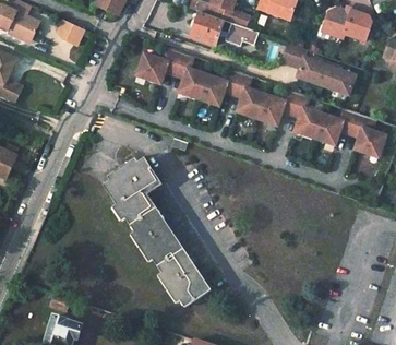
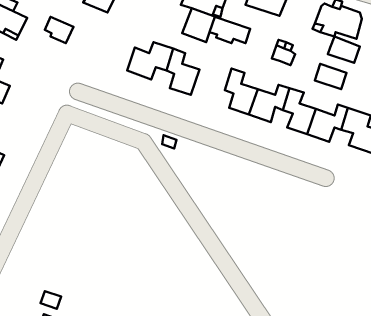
building: [297,57,328,83] -> [328,37,360,63]
building: [200,68,240,104] -> none
building: [99,159,208,307] -> none

